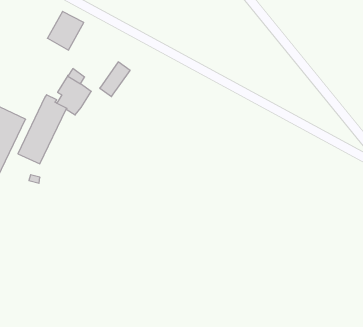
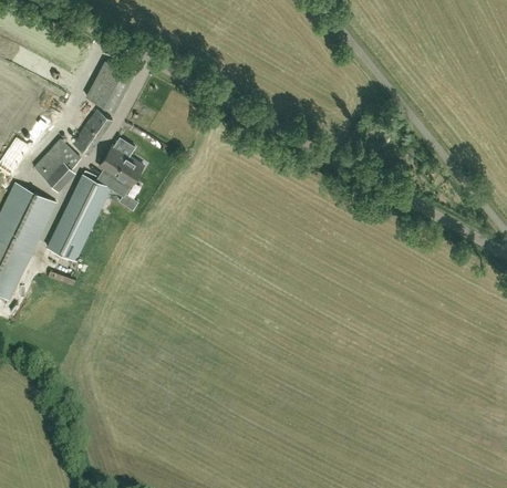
building: [100,62,130,97] -> [72,110,112,155]
building: none -> [33,139,80,190]

